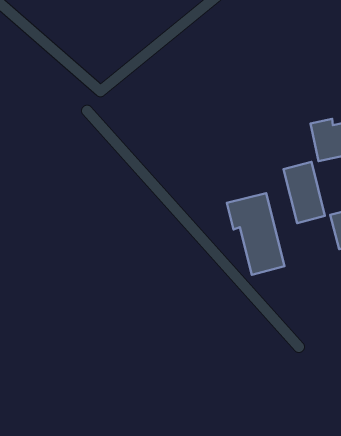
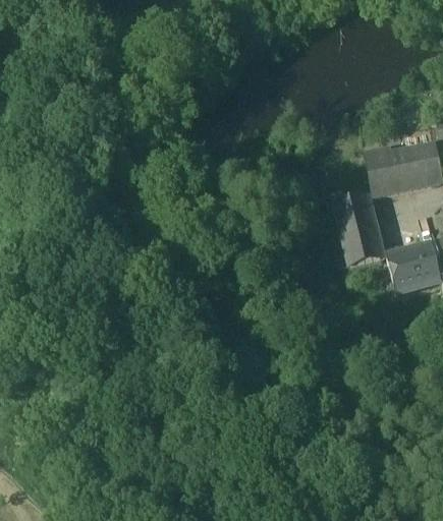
building: [227,193,284,275] -> none

